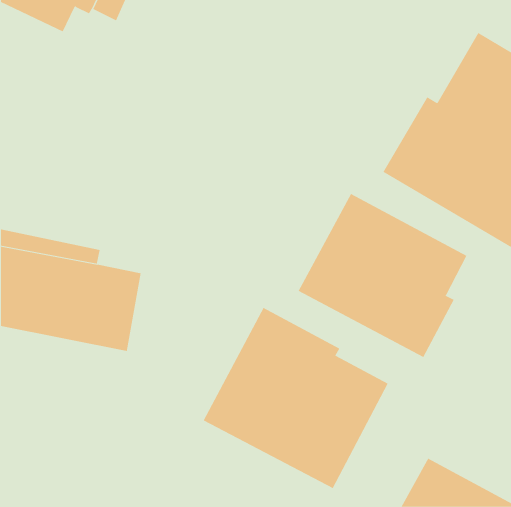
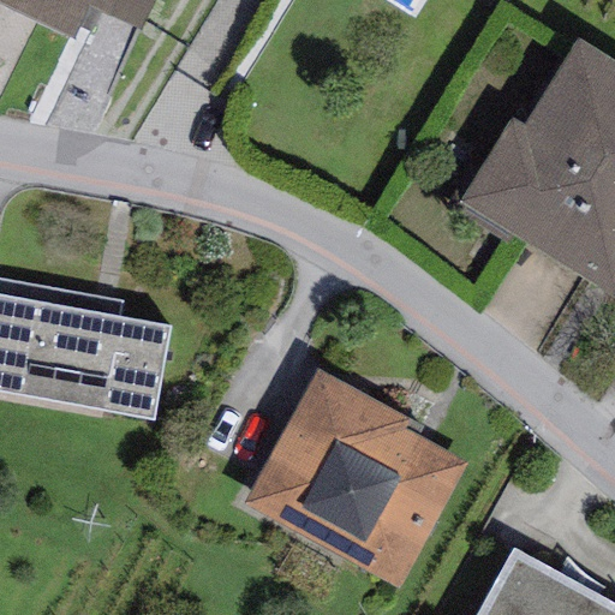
building: [298,193,467,358] -> none

